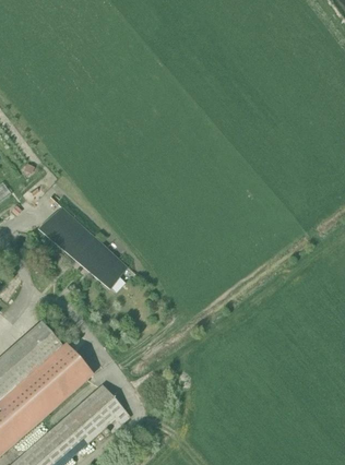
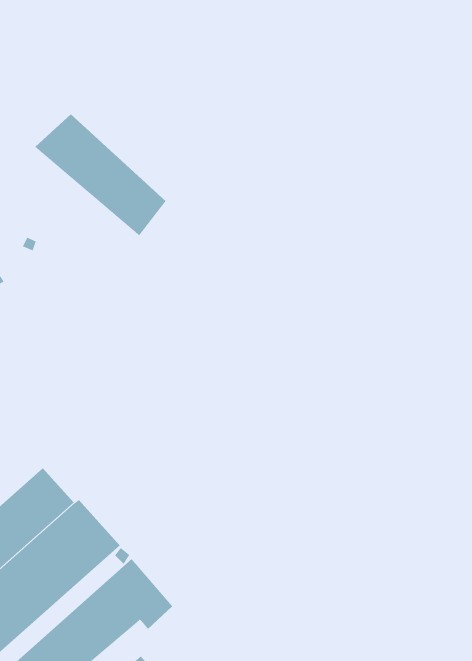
building: [36,206,127,290] -> [34,113,166,236]

